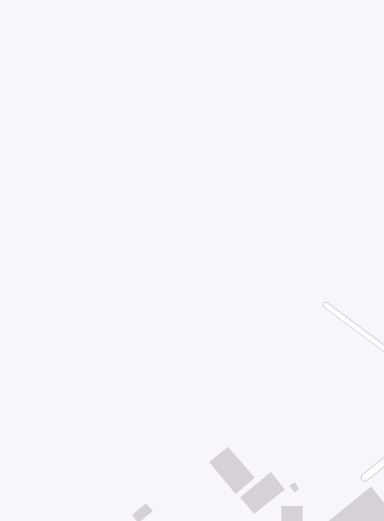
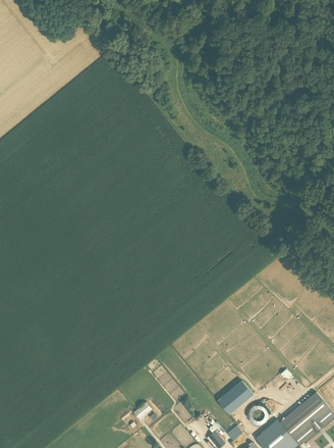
building: [208,446,256,495] -> none

